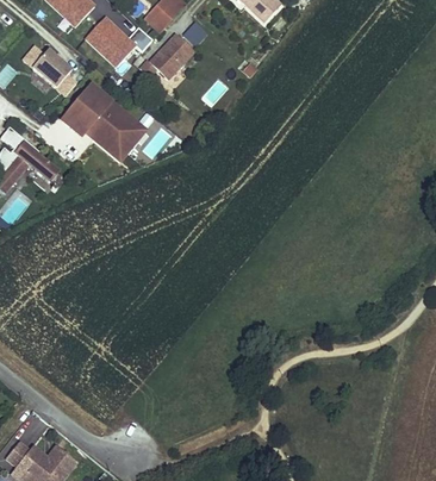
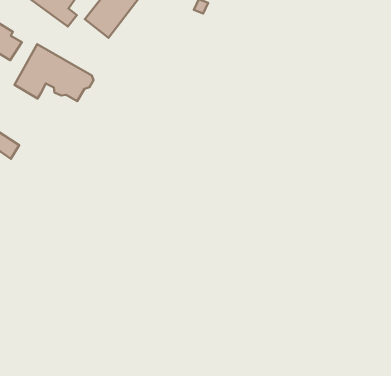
building: [88,120,147,157] -> none

